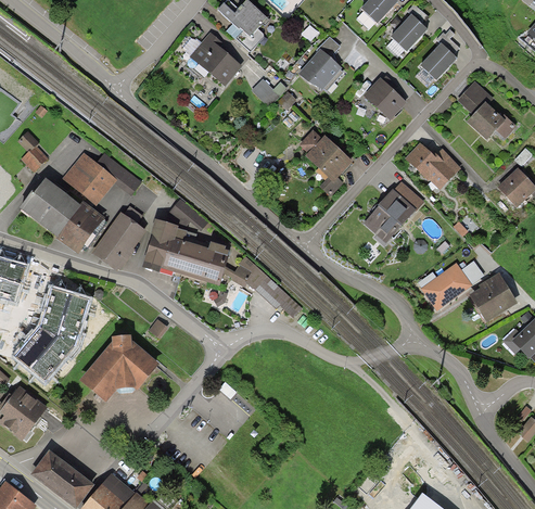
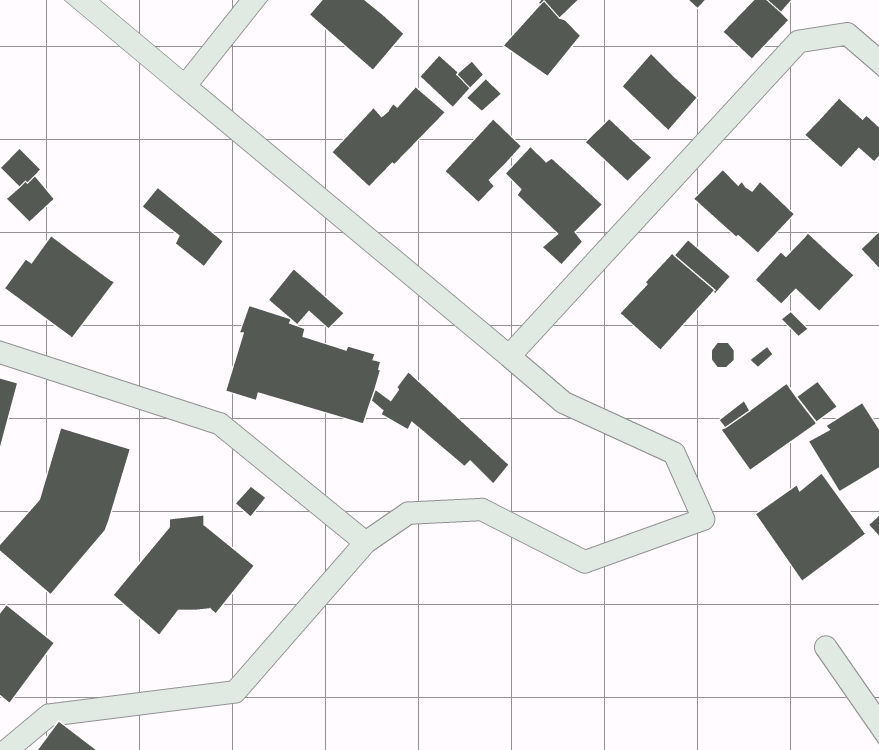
building: [457,80,493,115] -> none
building: none -> [332,86,445,187]
building: none -> [585,118,652,181]
building: none -> [445,119,521,203]
building: [61,152,116,205] -> none
building: none -> [755,233,854,311]
building: [54,201,104,254] -> none
building: [91,205,145,271] -> none
building: none -> [755,473,866,582]

